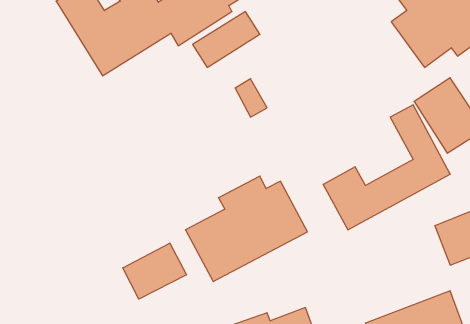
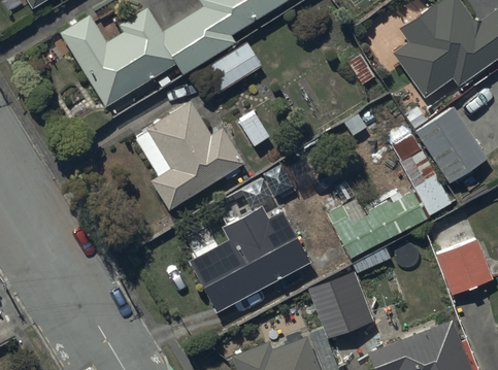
building: none -> [136,100,244,210]
building: none -> [309,270,373,338]
building: [123,243,186,299] -> none

